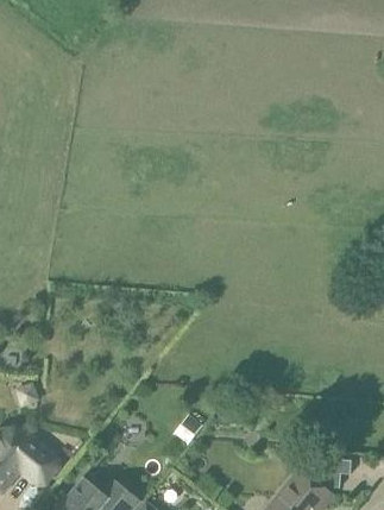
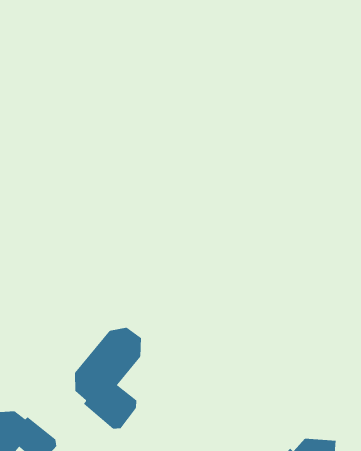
building: none -> [74,327,141,430]

